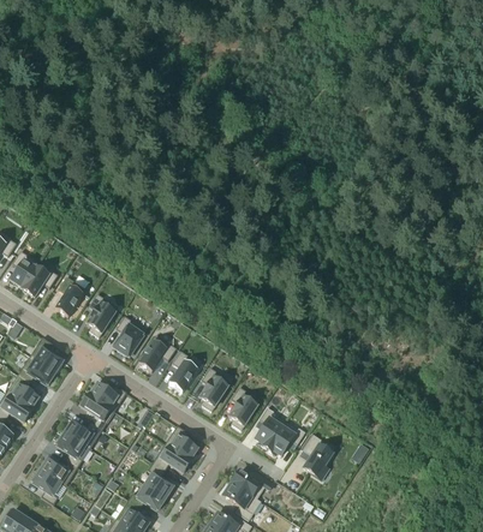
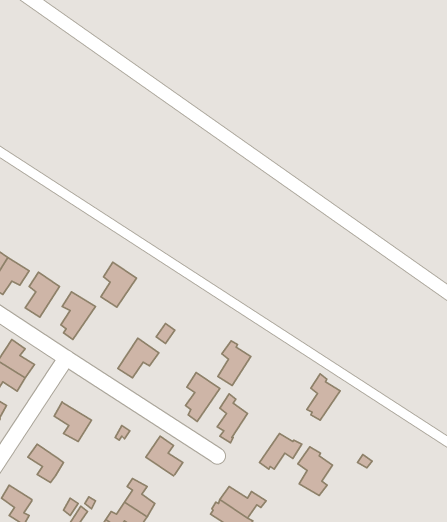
building: [113,316,145,357] -> [101,262,137,307]
building: [168,352,198,393] -> [218,341,251,386]
building: [89,383,126,411] -> none
building: [255,407,285,449] -> [307,374,340,420]
building: [65,420,102,449] -> none
building: [151,444,190,473] -> none
building: [40,458,77,486] -> none

